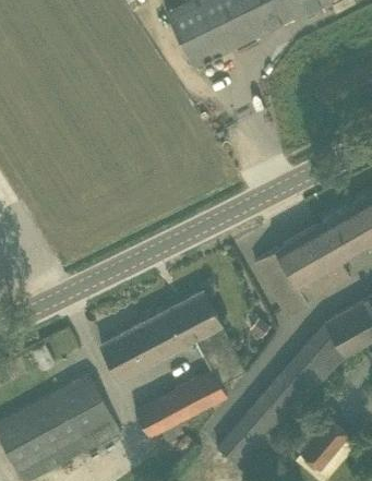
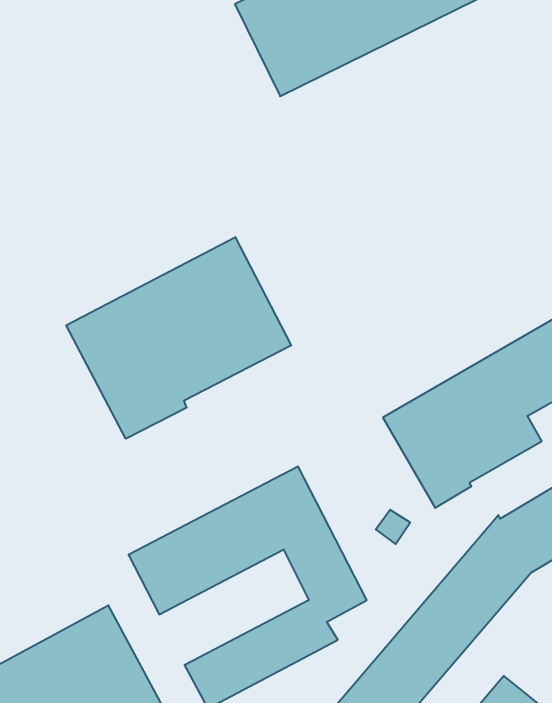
building: none -> [66,237,291,439]

